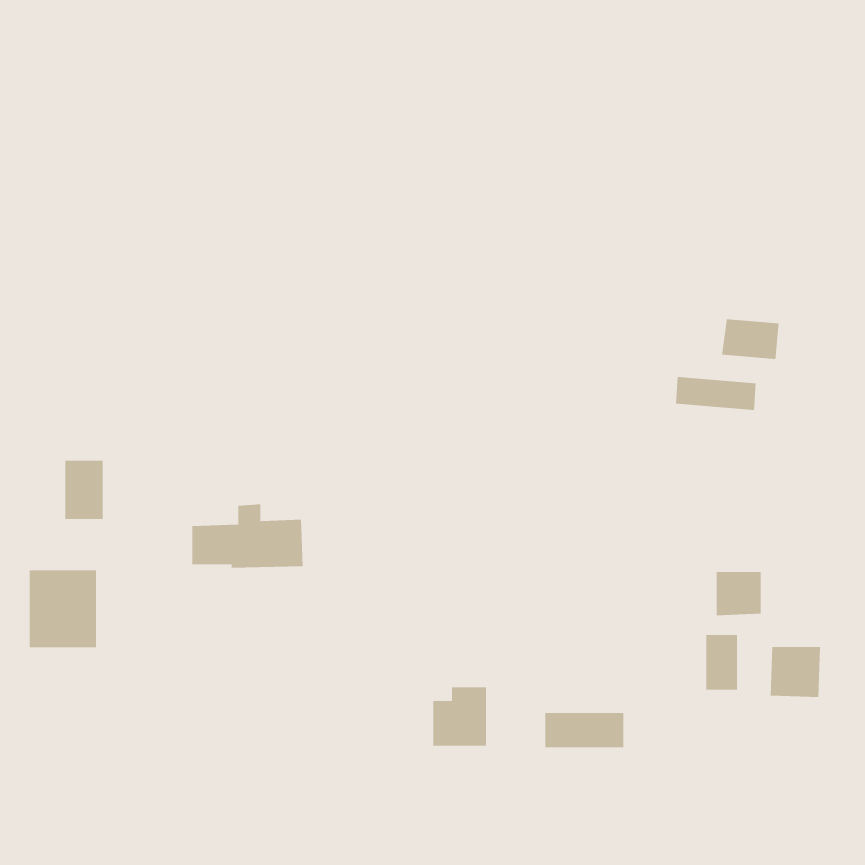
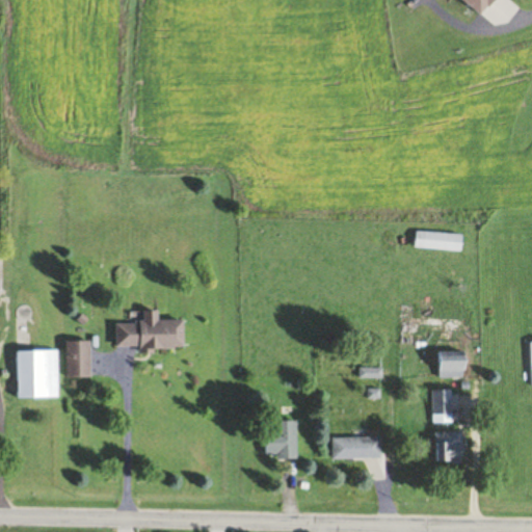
building: [721,319,779,360] -> none
building: [64,460,103,520] -> [68,340,91,376]
building: [770,647,821,697] -> [434,431,466,462]

